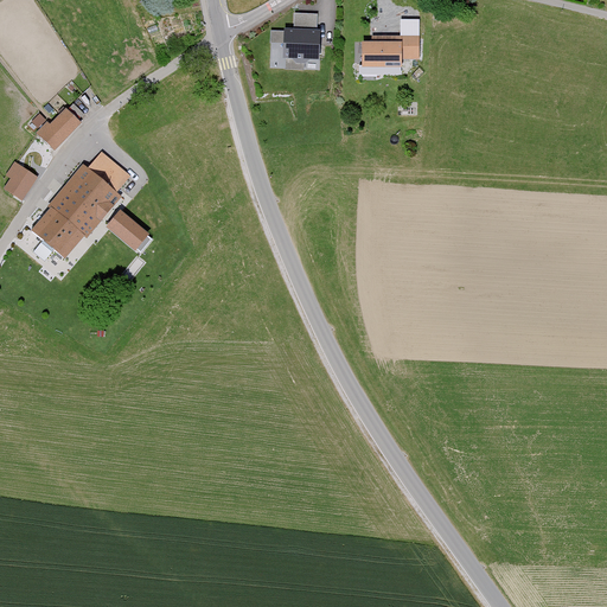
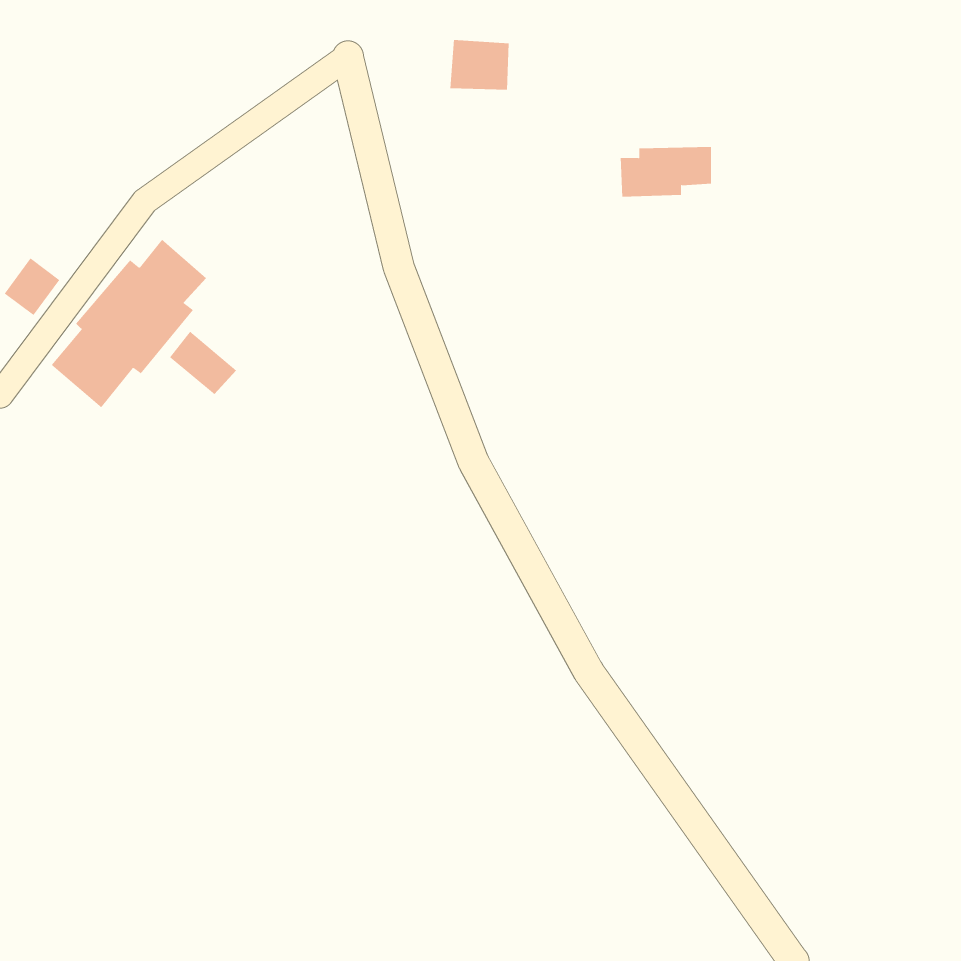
building: [357,38,415,70] -> [620,146,712,197]
building: [37,108,81,151] -> none

